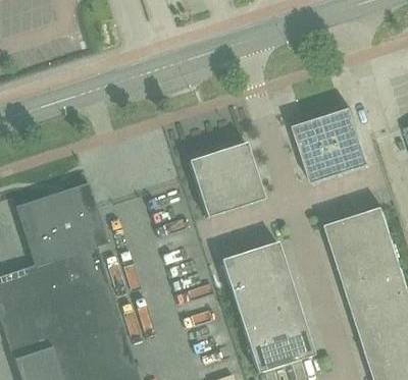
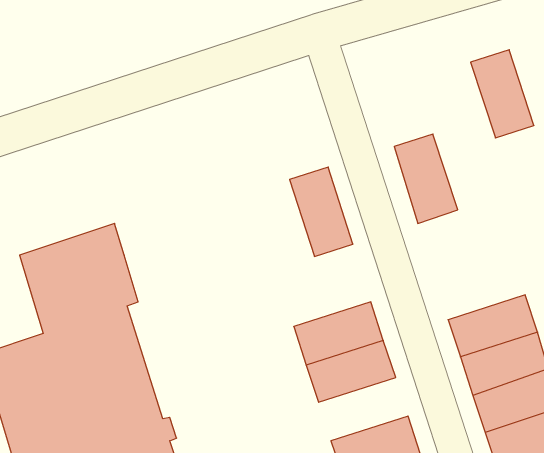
building: [322,108,369,173] -> [471,50,534,138]
building: [188,151,235,217] -> none
building: [324,207,391,255] -> none
building: [238,297,304,344] -> none

